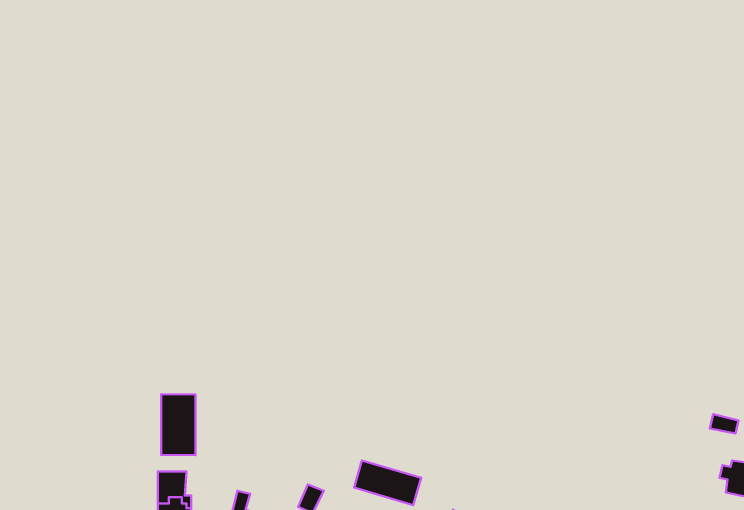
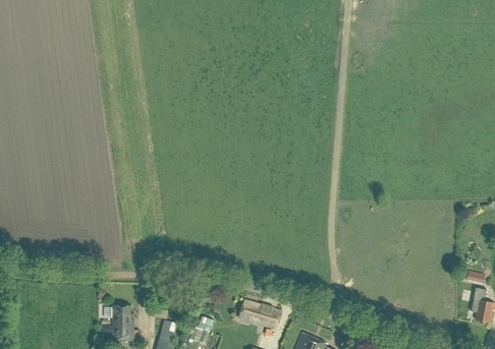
building: [161,394,195,455] -> none

